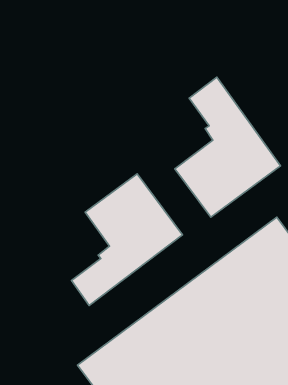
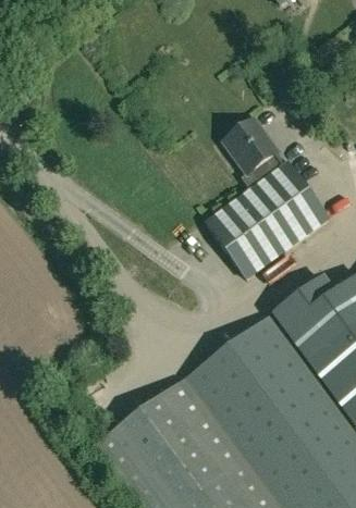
building: [72,174,183,305] -> none

